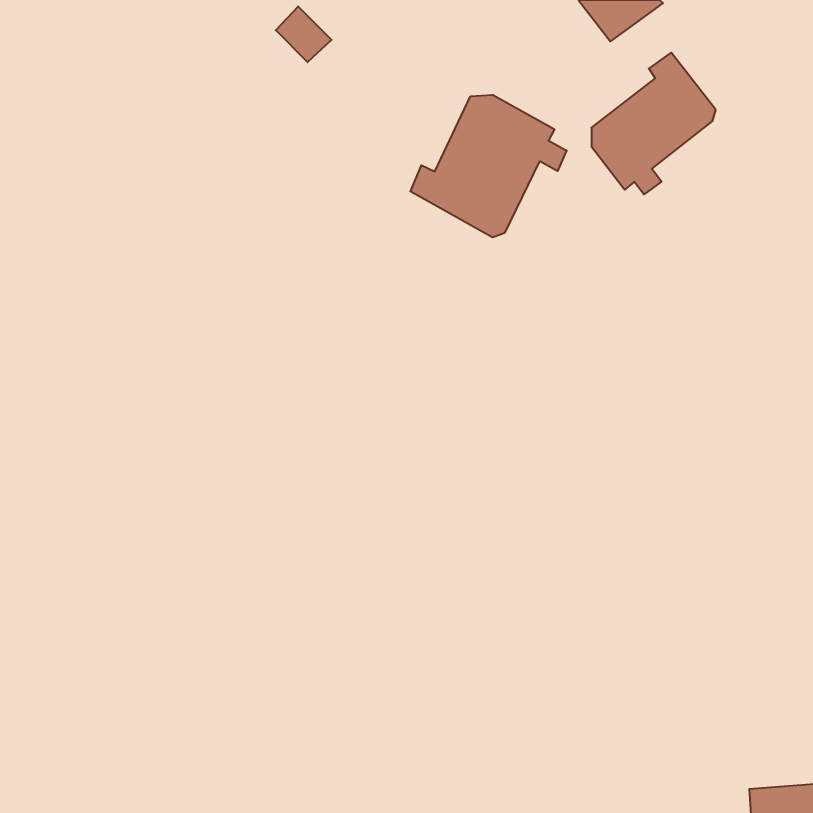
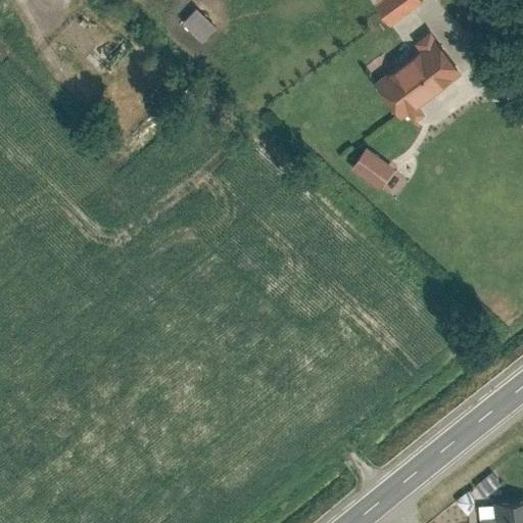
building: [410,95,567,237] -> none
building: none -> [348,147,394,189]

